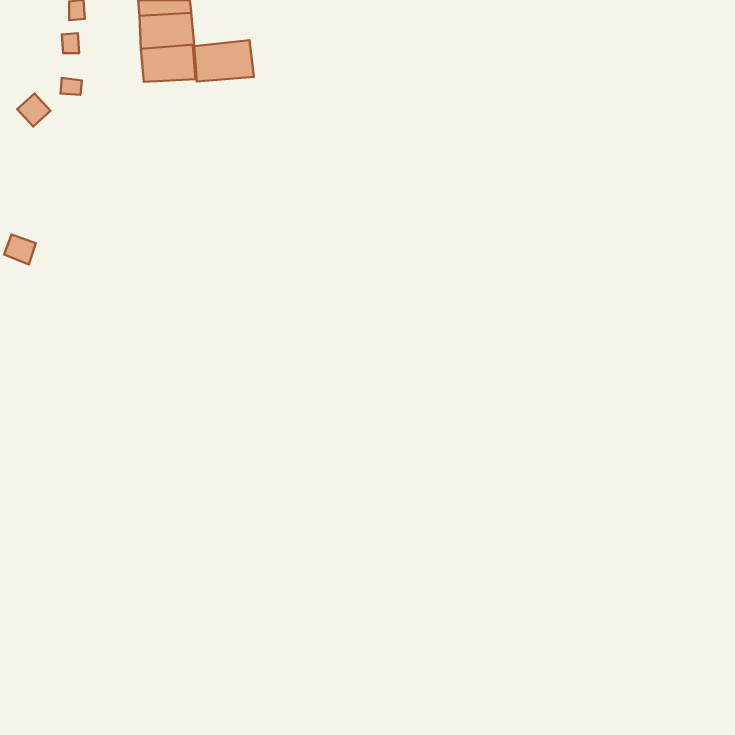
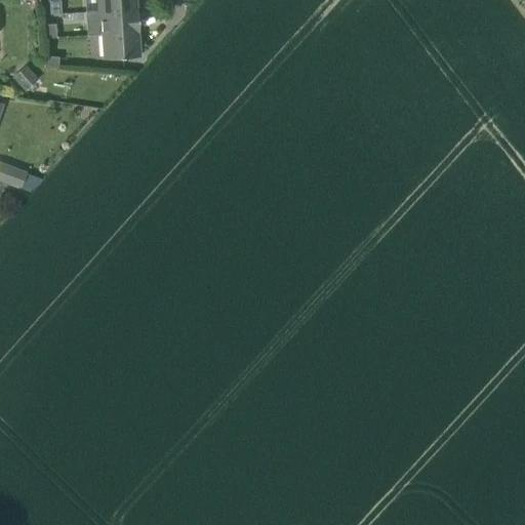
building: [194,40,254,81] -> none

